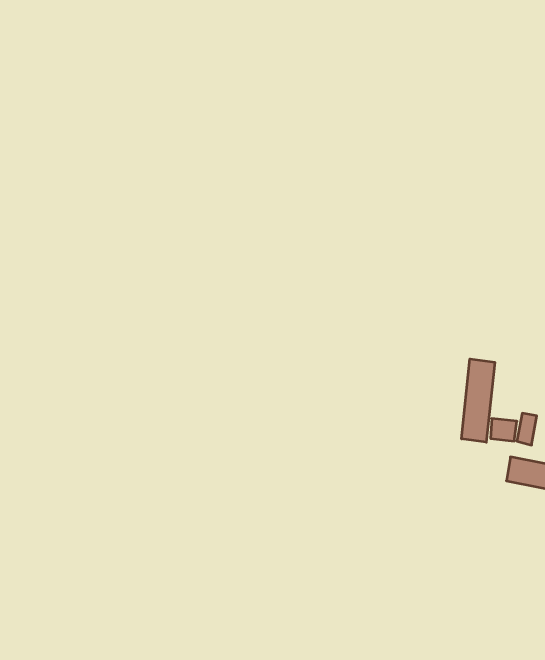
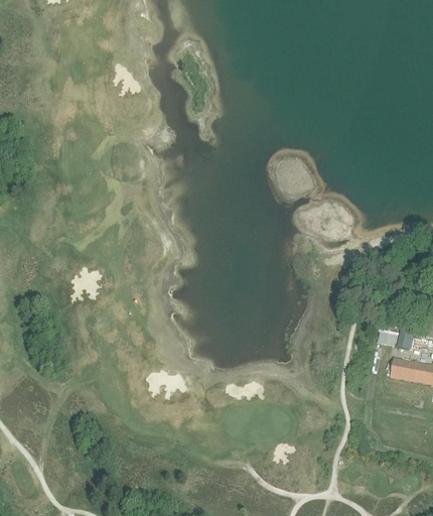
building: [462,359,495,442] -> none

